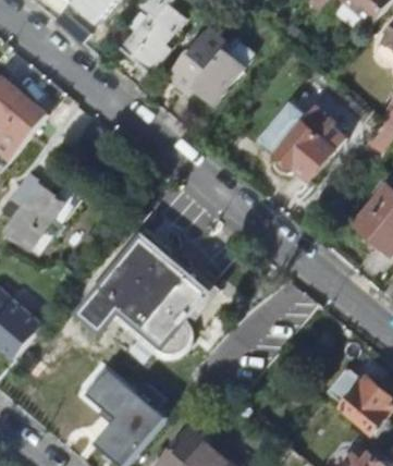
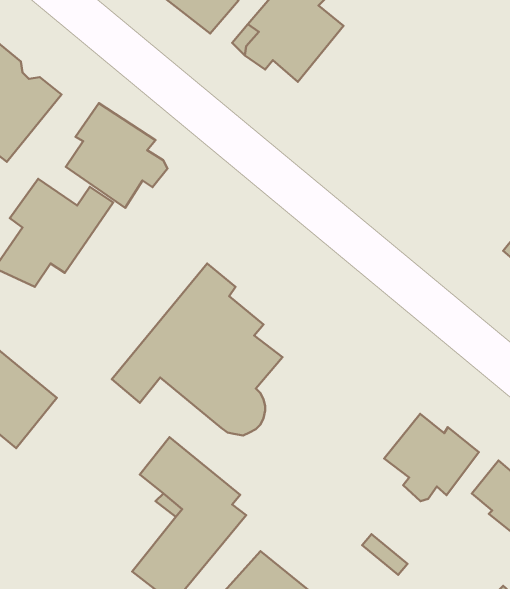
building: [256,103,345,183] -> none
building: none -> [66,103,168,208]
building: none -> [384,414,479,501]

